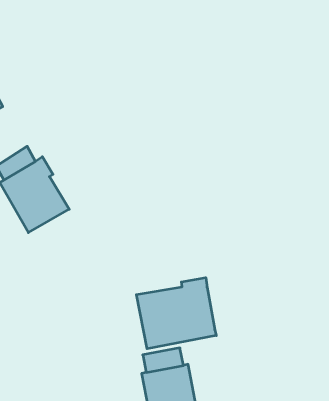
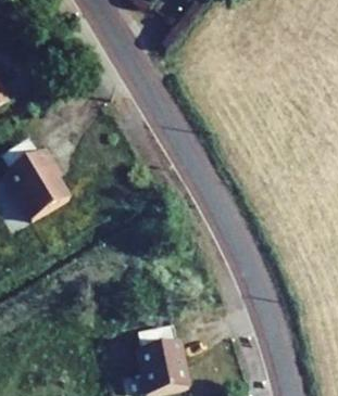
building: [136,278,216,349] -> none

